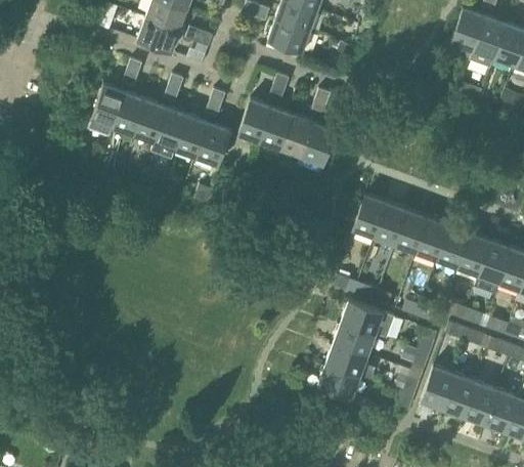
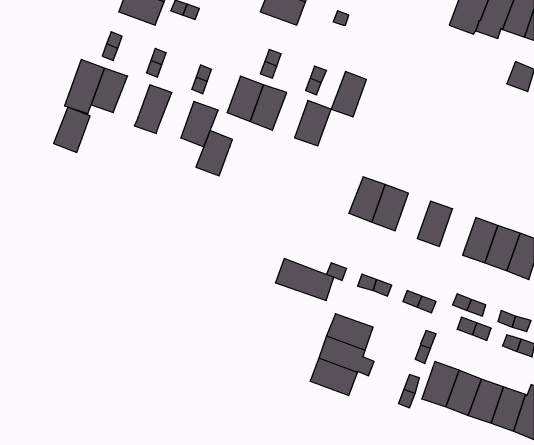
building: [133,101,167,143] -> [54,107,90,152]
building: [174,117,208,159] -> [196,131,232,176]
building: [280,117,313,159] -> [331,72,366,117]
building: [394,210,427,252] -> none
building: [435,224,469,267] -> none
building: [339,299,393,338] -> [275,258,334,300]

